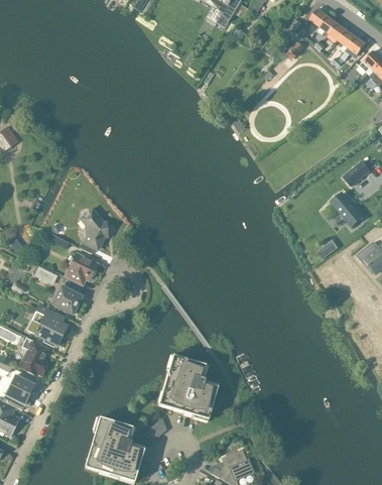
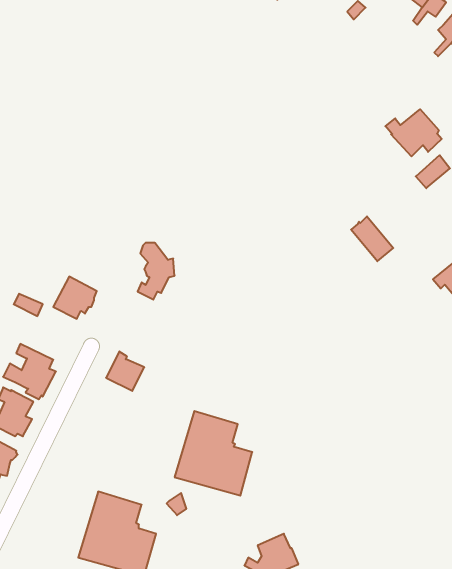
building: none -> [385,109,442,156]
building: [331,192,363,226] -> [351,216,393,261]
building: [81,211,109,254] -> [138,243,175,300]
building: [53,284,83,315] -> [106,351,144,391]

